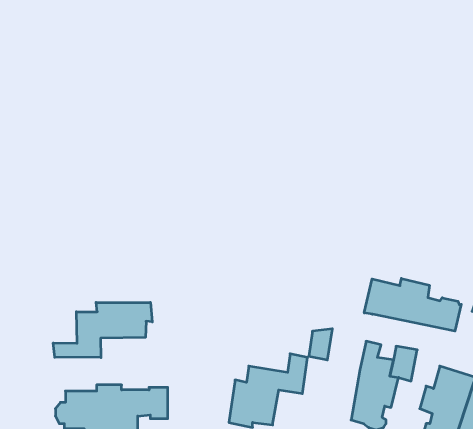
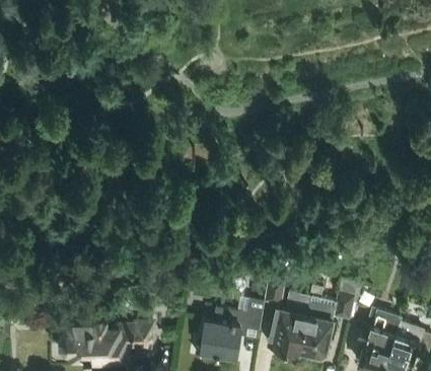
building: [364,278,461,331] -> none
building: [53,302,152,358] -> none
building: none -> [268,303,307,352]

